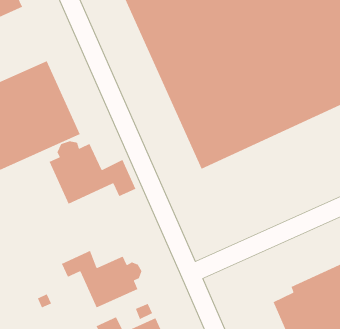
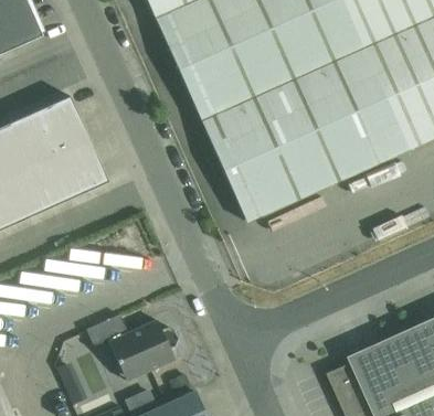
building: [48,140,137,205] -> none

